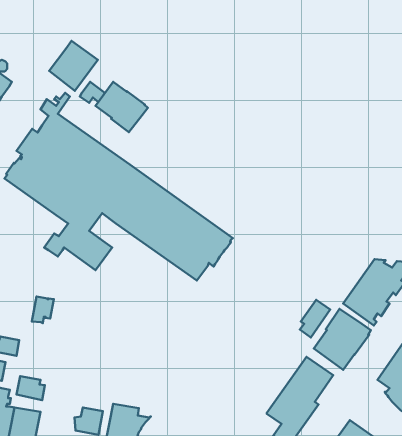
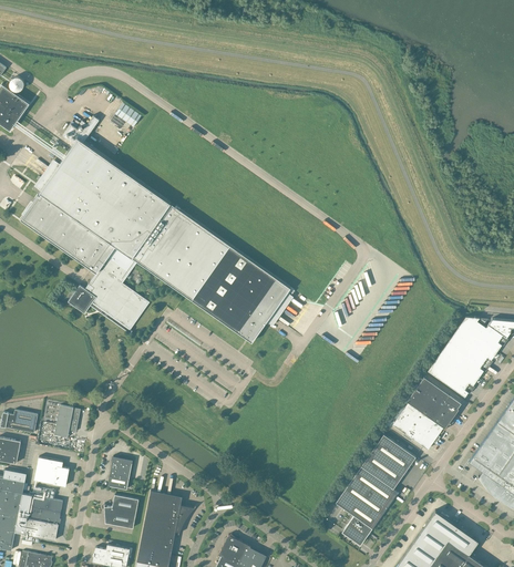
building: [49,41,98,91] -> none
building: [96,82,148,132] -> none
building: [32,297,54,323] -> [54,406,81,439]
building: [300,300,330,338] -> none
building: none -> [107,457,133,491]

